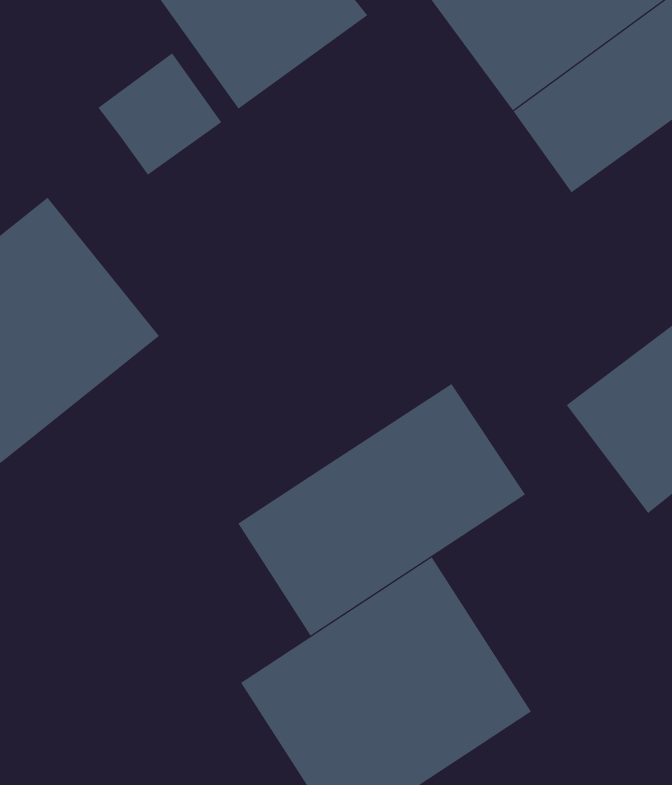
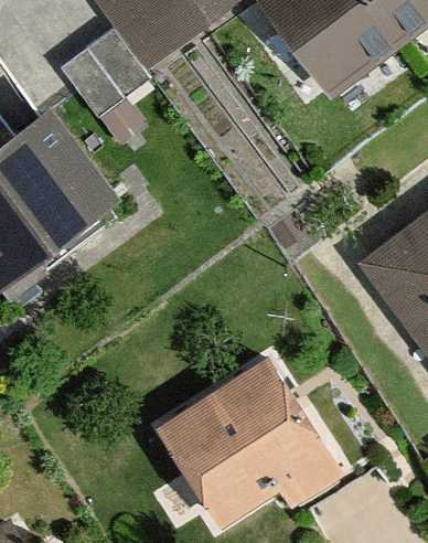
building: [237,383,526,636] -> none

